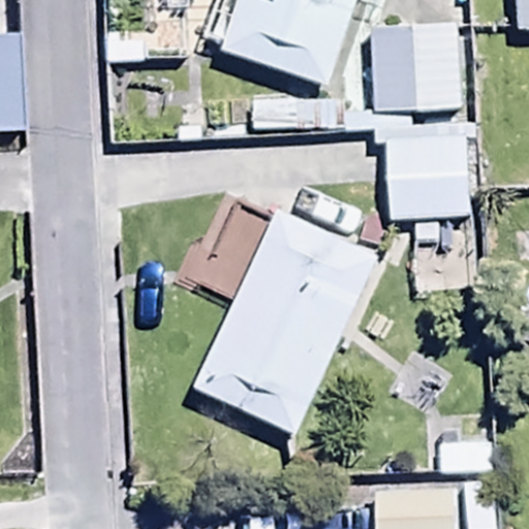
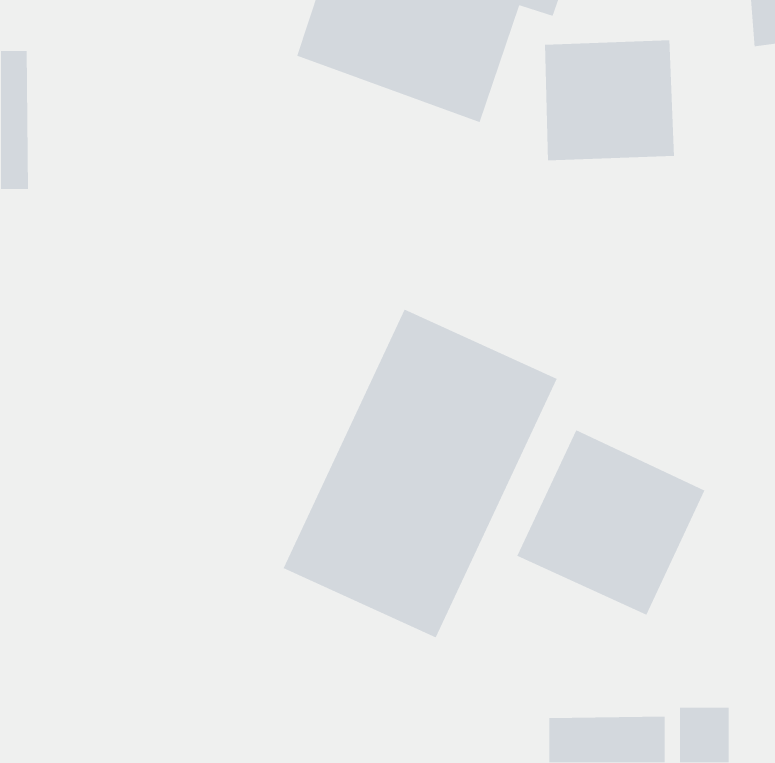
building: [385,136,469,219] -> none
building: none -> [516,429,706,616]

